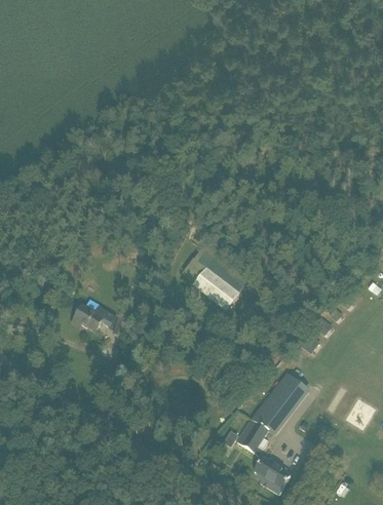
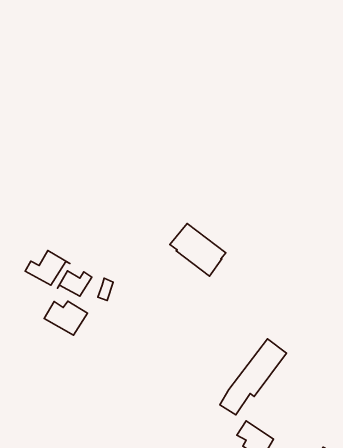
building: none -> [25,251,70,285]
building: none -> [44,301,88,335]

